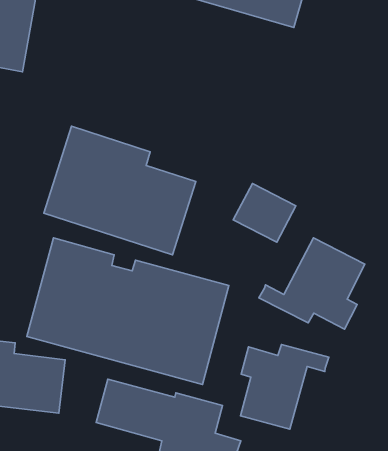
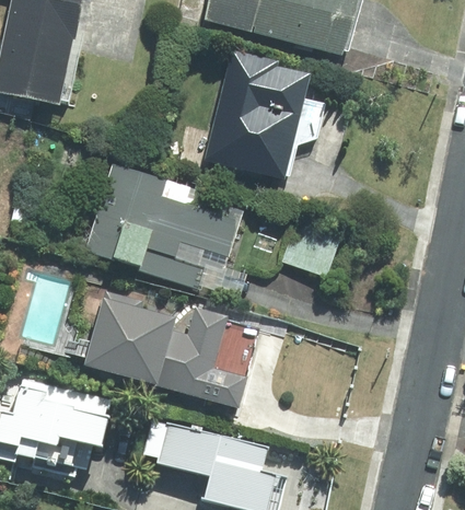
building: none -> [199,53,330,185]
building: [259,238,365,329] -> none
building: [241,344,329,429] -> none

